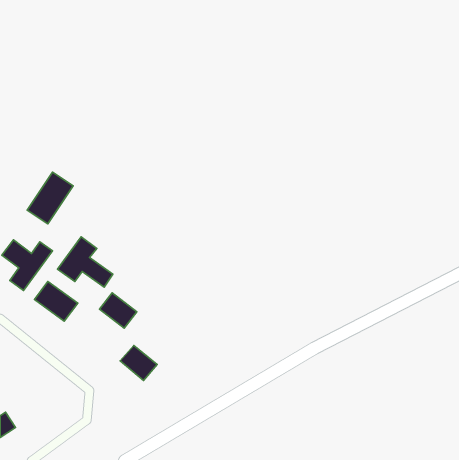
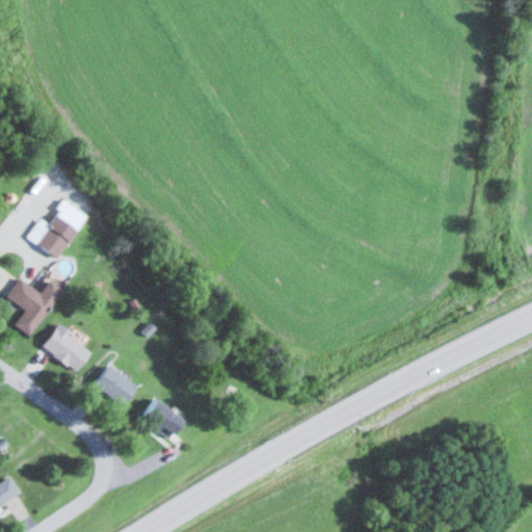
building: [58,237,113,287] -> none
building: [100,293,137,328] -> [95,366,137,406]

